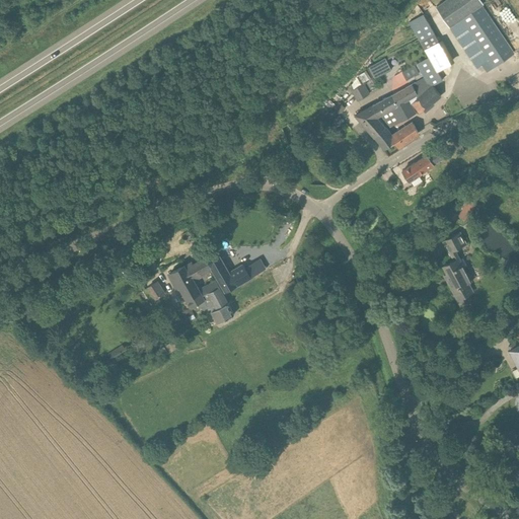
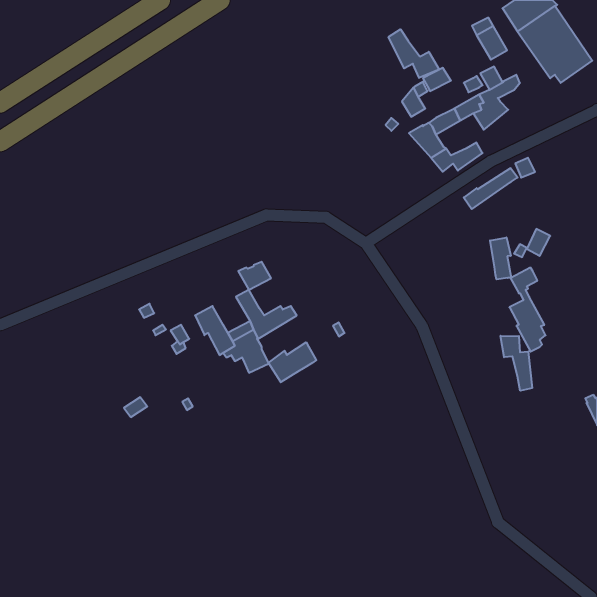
building: none -> [389,29,439,78]
building: [378,98,416,128] -> none
building: none -> [490,237,511,279]
building: [184,257,213,282] -> [238,262,271,290]
building: none -> [501,336,532,391]
building: none -> [268,342,316,382]

